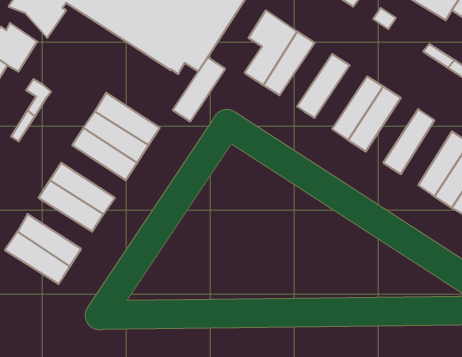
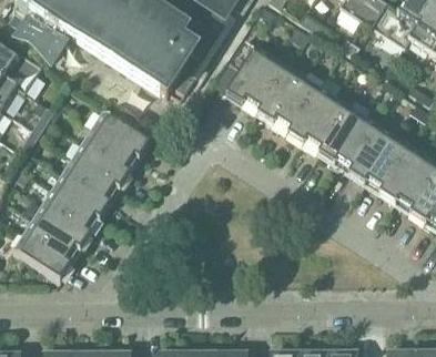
building: [173,58,225,121] -> [256,65,303,122]
building: none -> [287,85,334,142]
building: none -> [333,114,379,172]
building: none -> [364,134,409,192]
building: none -> [62,156,120,203]
building: none -> [32,203,90,248]

